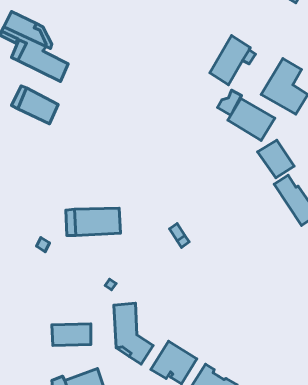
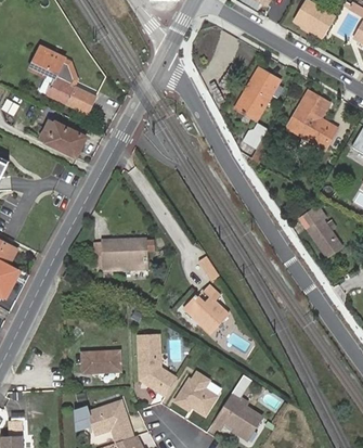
building: [228,98,275,141] -> none
building: [257,140,294,178] -> none
building: none -> [184,283,229,331]

